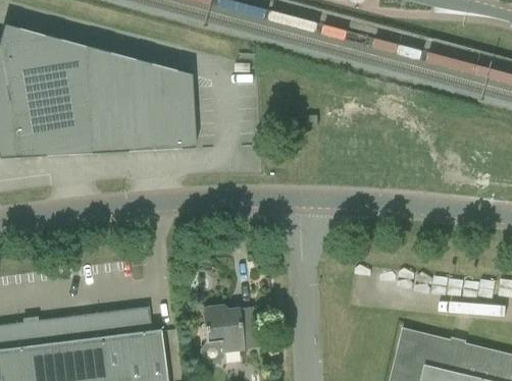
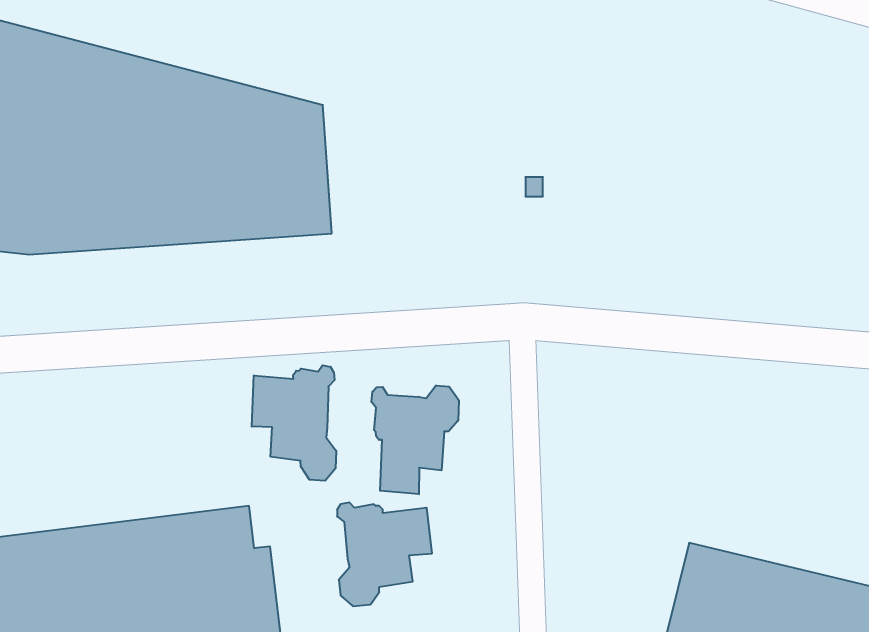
building: none -> [252,365,336,481]
building: none -> [371,385,459,494]

